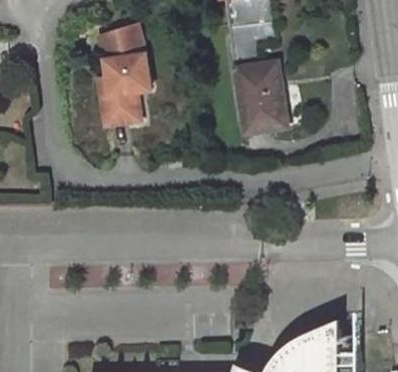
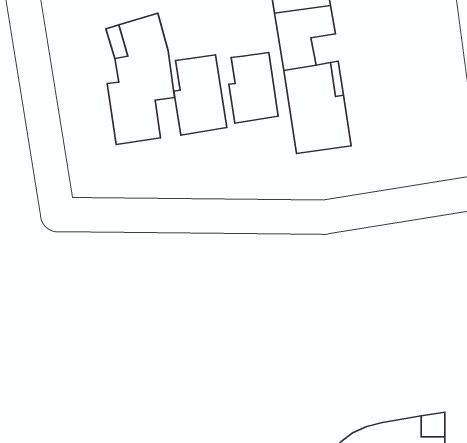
building: none -> [229,52,278,123]
building: none -> [174,55,227,135]

